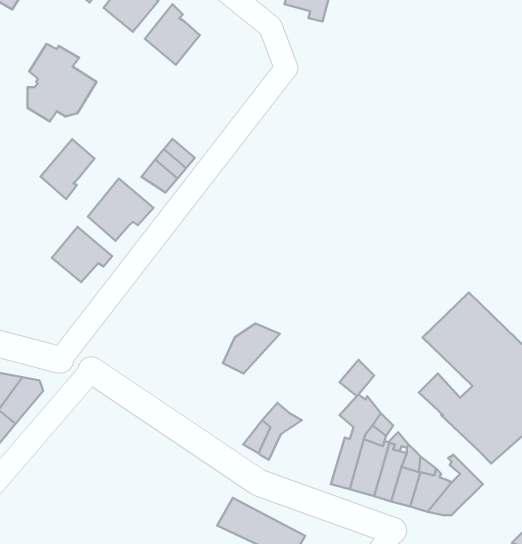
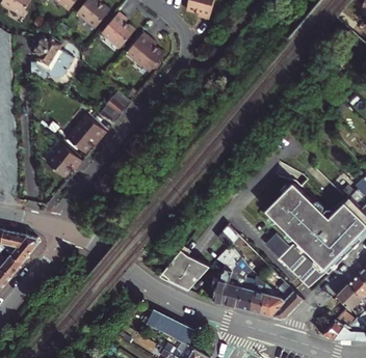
building: none -> [126,32,163,72]
building: [41,139,94,199] -> none
building: [223,323,280,374] -> [176,261,210,292]

